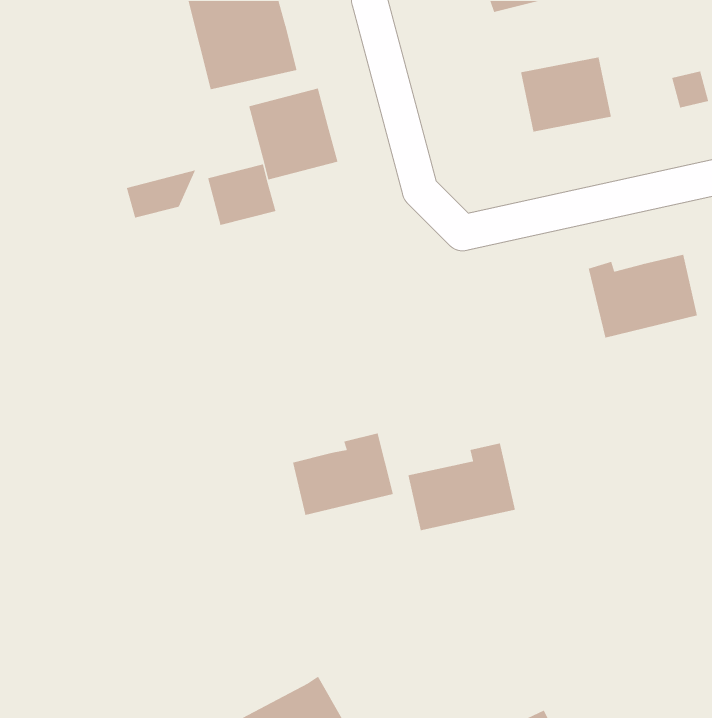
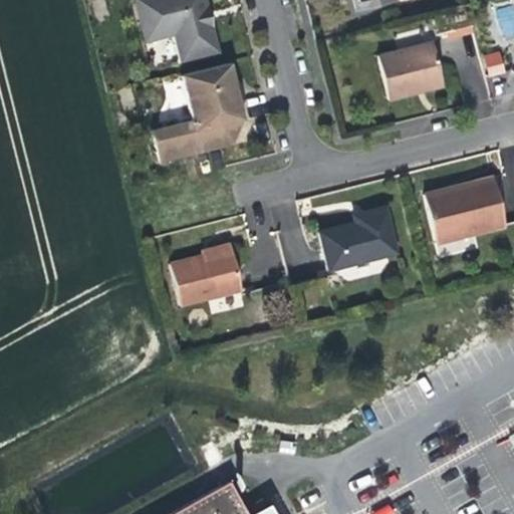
building: [126,169,196,219] -> [197,117,247,153]
building: [292,433,394,516] -> [173,241,245,300]
building: [407,442,516,531] -> [319,206,397,269]

